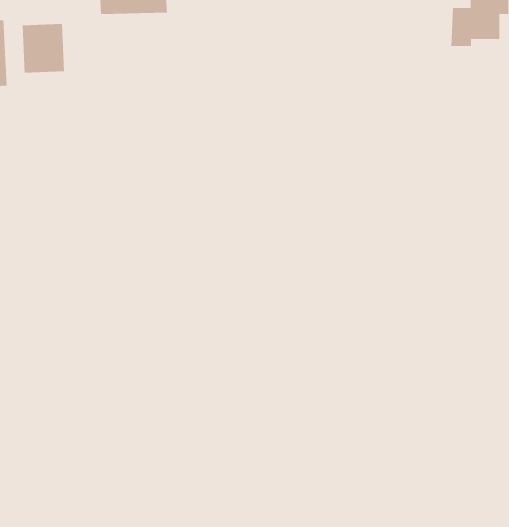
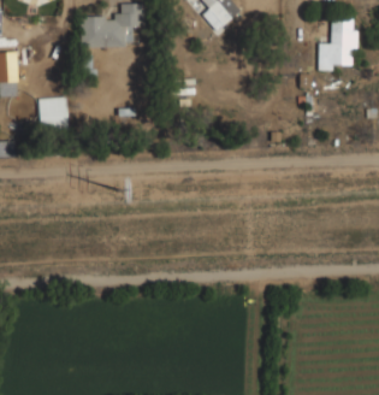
building: [22,23,65,73] -> [39,96,67,130]

